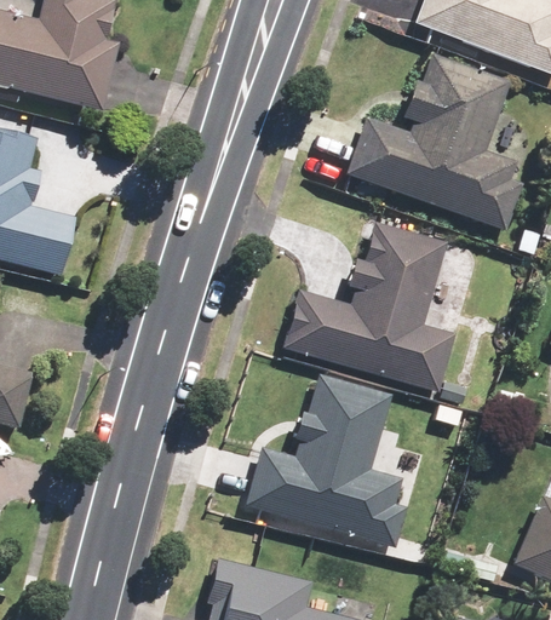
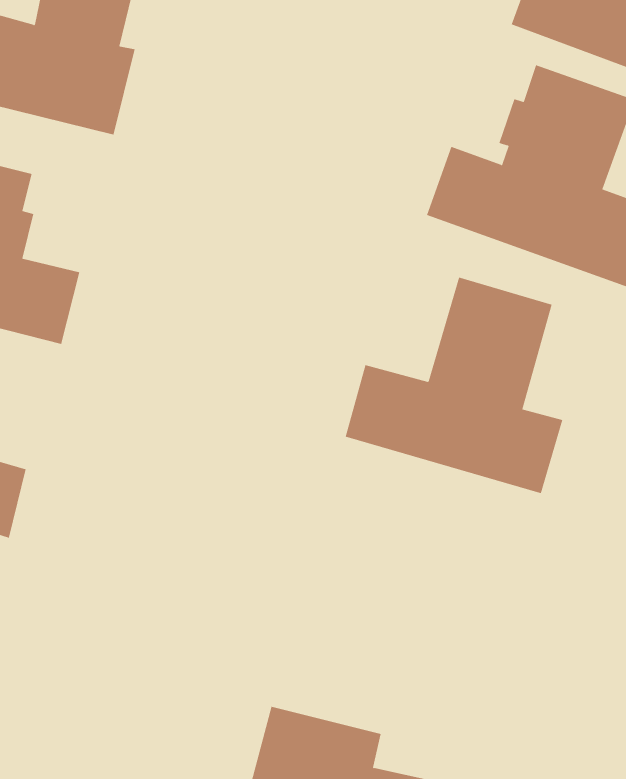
building: [242,373,406,549] -> none

